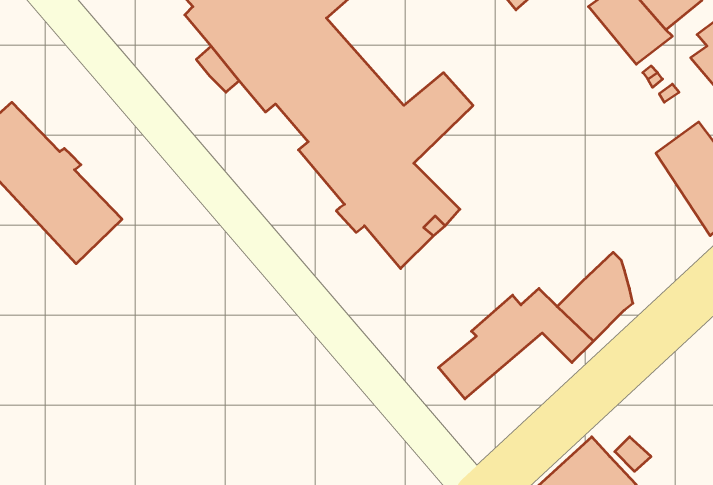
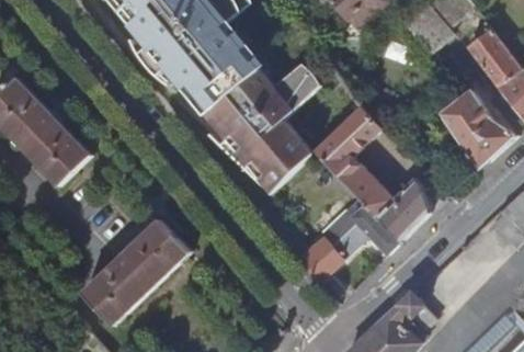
building: none -> [314,106,394,215]
building: none -> [80,223,189,328]

